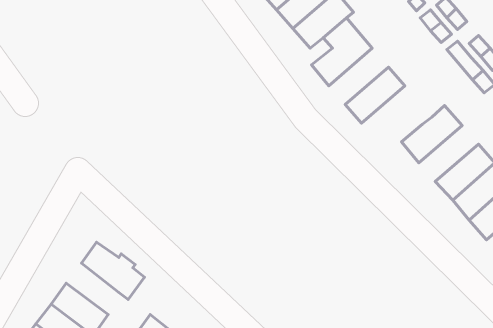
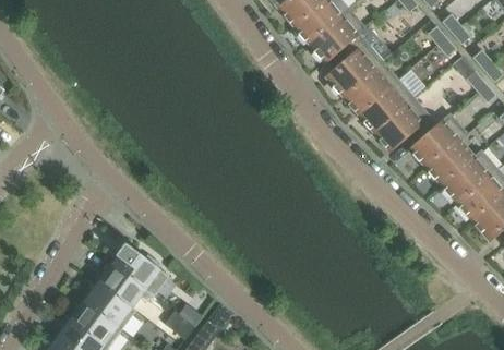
building: none -> [343,62,398,114]
building: none -> [373,97,439,152]
building: none -> [427,134,482,186]
building: none -> [97,263,146,311]

